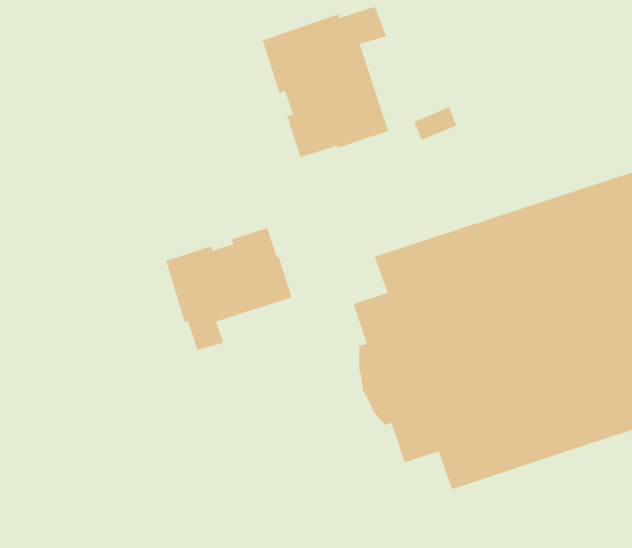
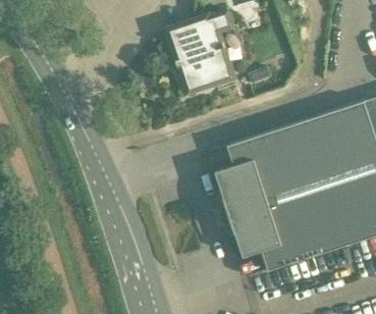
building: [165,227,292,351] -> none

